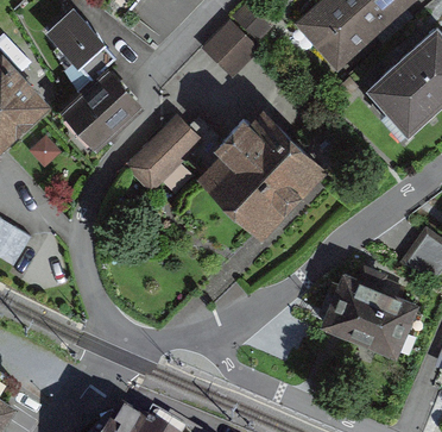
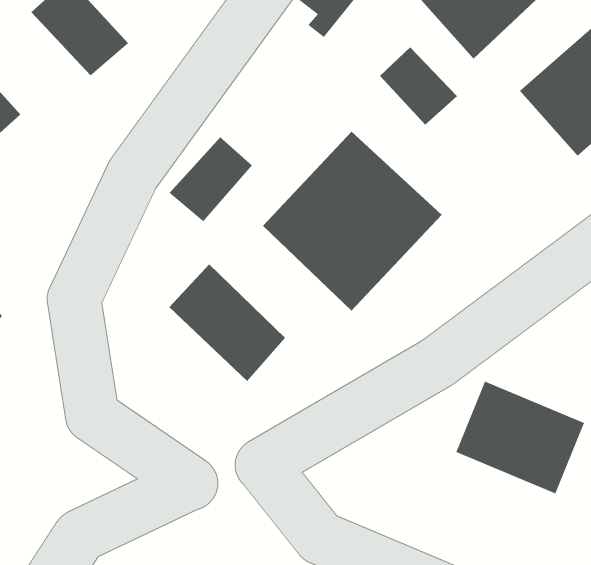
building: none -> [379,47,458,126]
building: [64,76,134,146] -> none
building: none -> [168,264,286,382]

